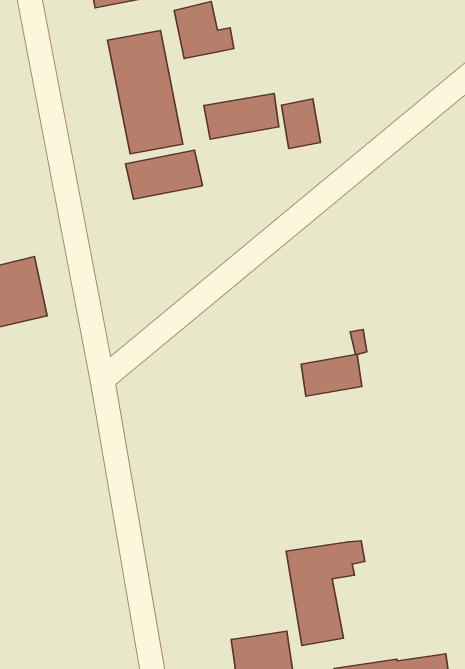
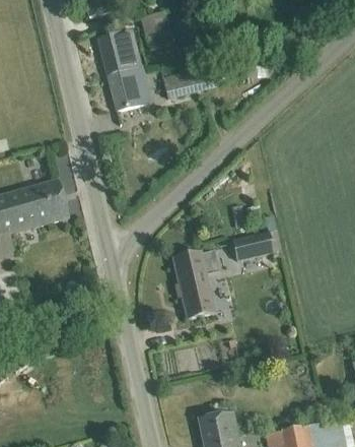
building: [282,99,320,148] -> none
building: [125,150,202,199] -> none
building: [286,541,365,645] -> [175,249,226,318]

